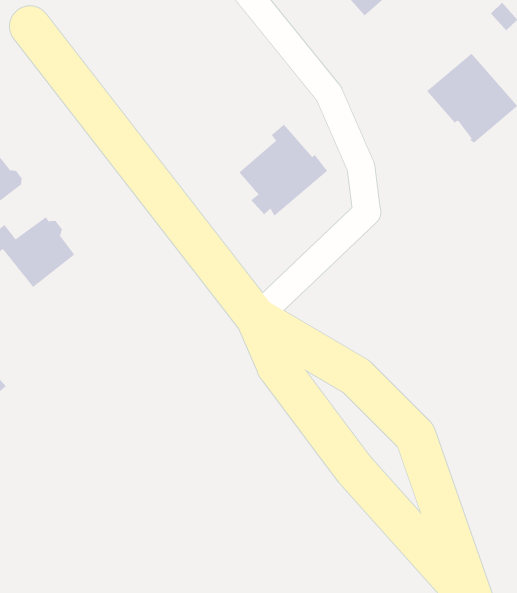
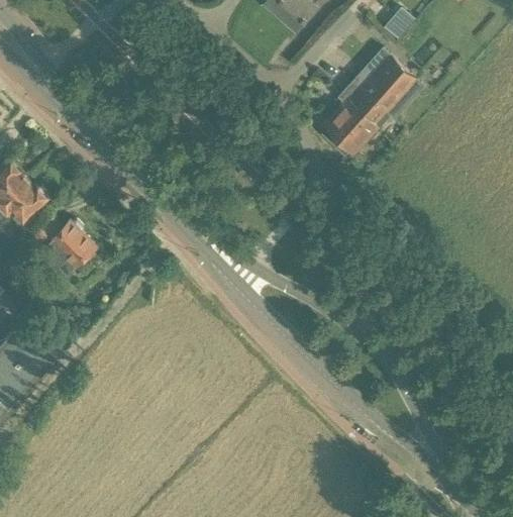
building: [238,124,329,216] -> [318,84,388,157]

